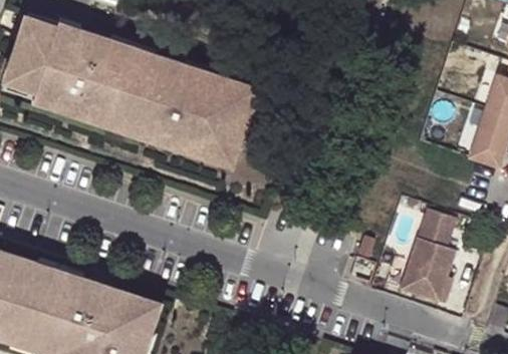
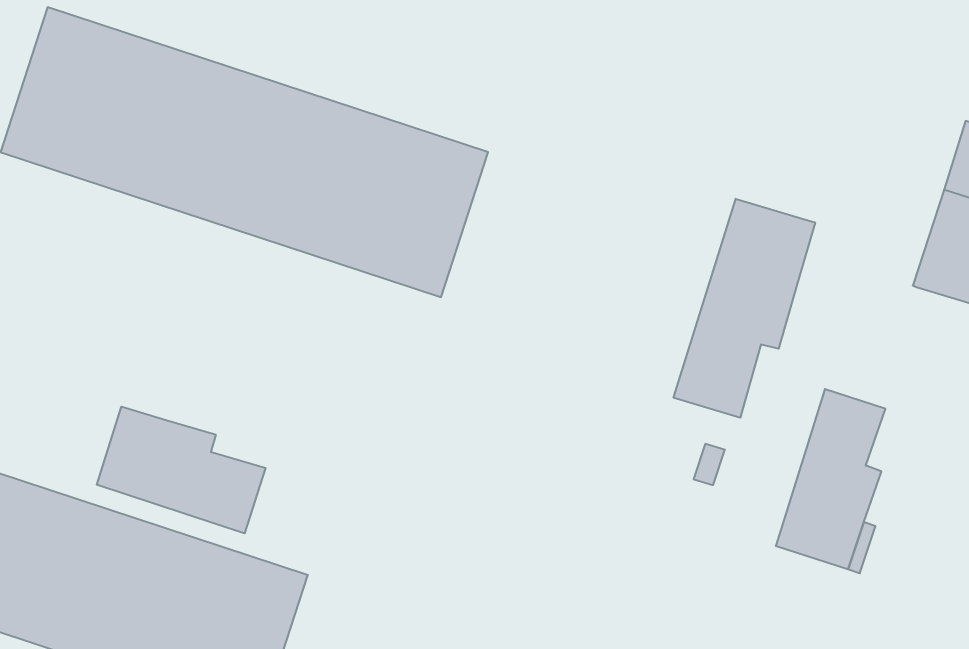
building: none -> [674,199,815,418]
building: none -> [97,407,266,533]

